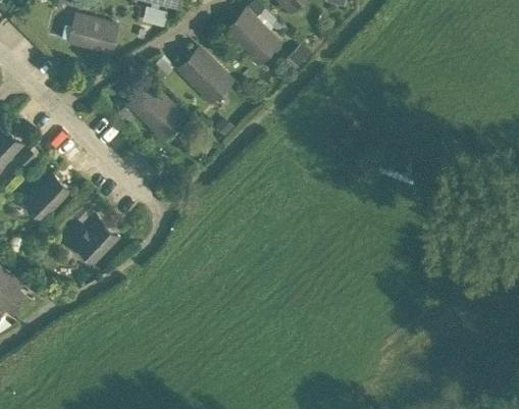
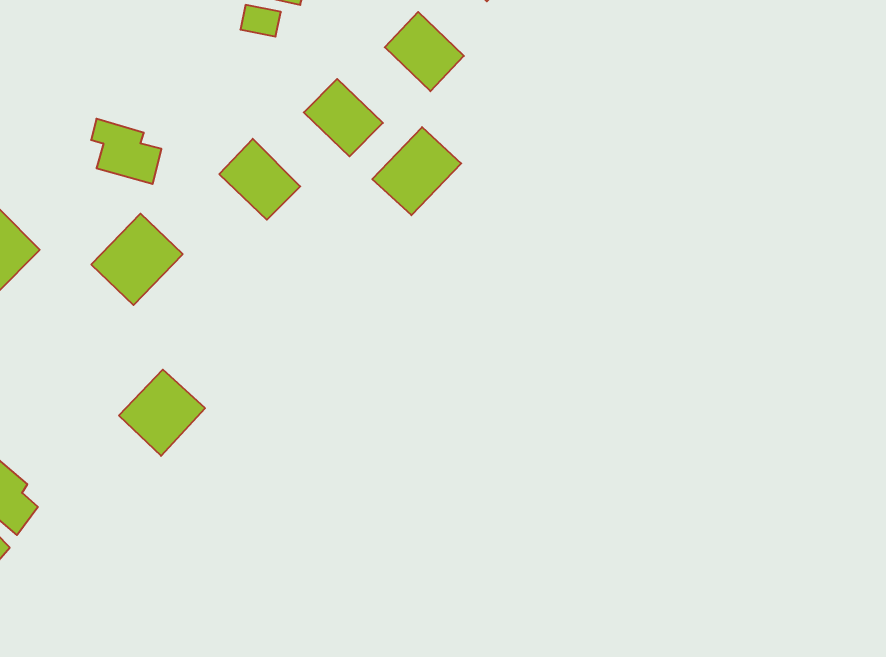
building: [74,14,115,52] -> [91,119,161,184]
building: none -> [372,127,461,215]
building: [20,170,73,223] -> [91,214,183,305]

